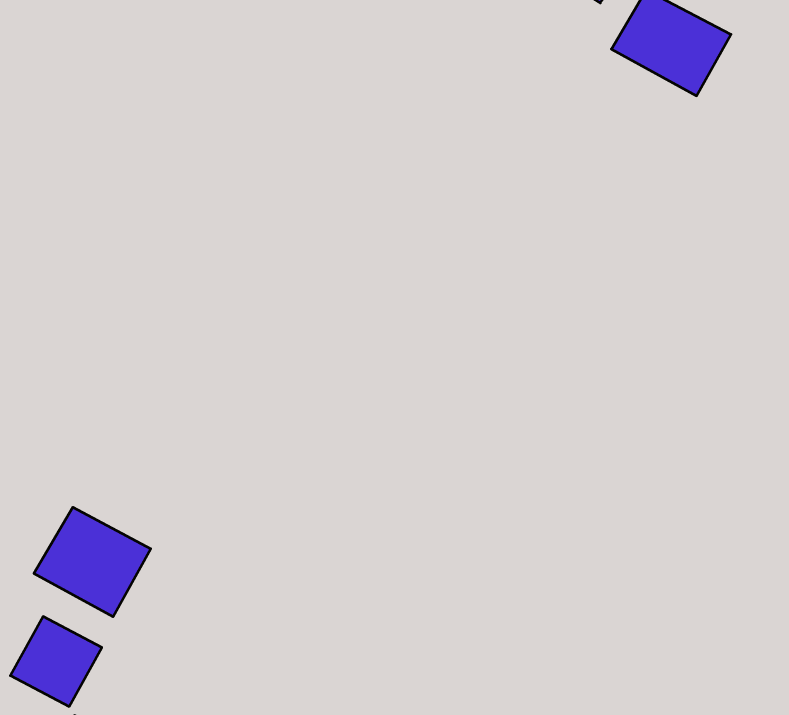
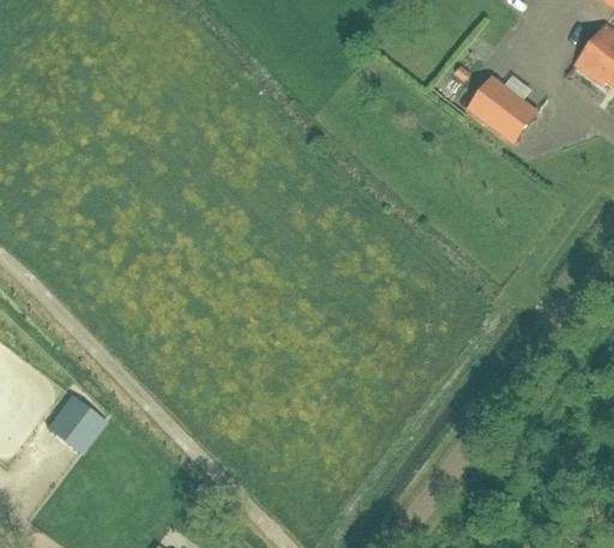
building: [34,507,151,617] -> none

